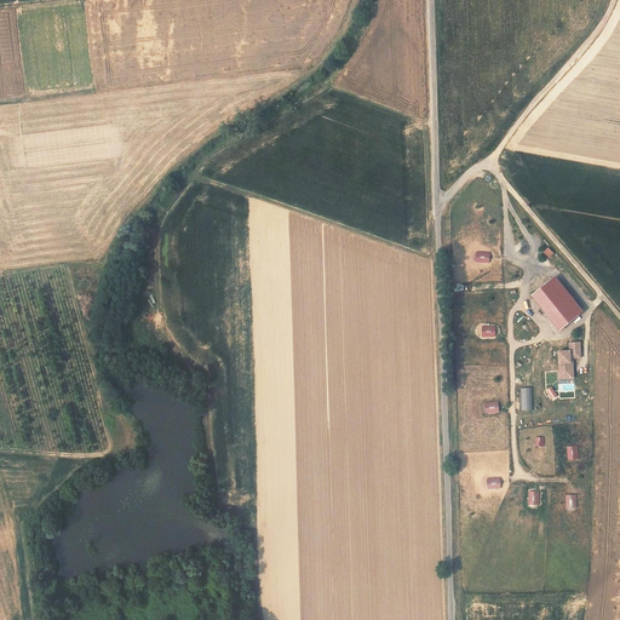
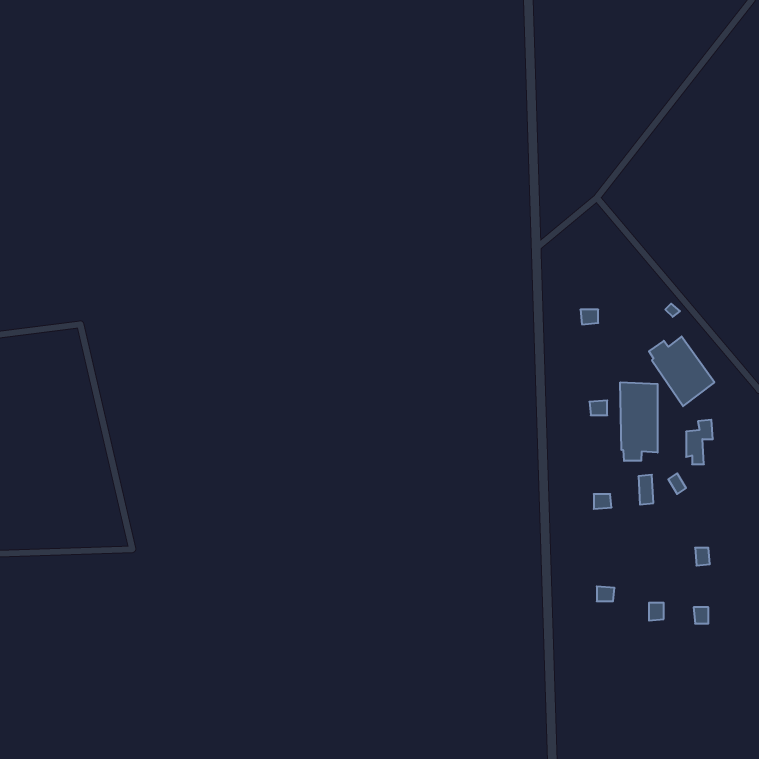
building: none -> [620,382,658,461]

